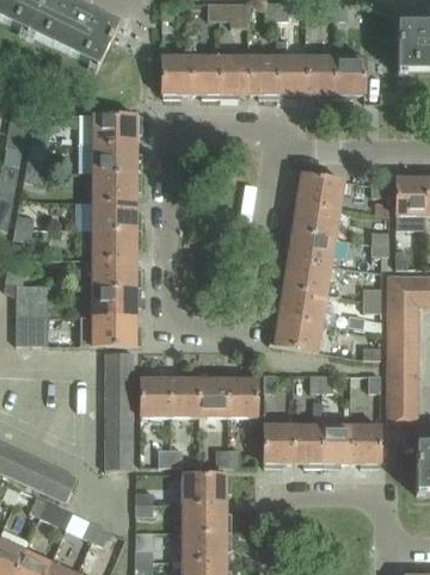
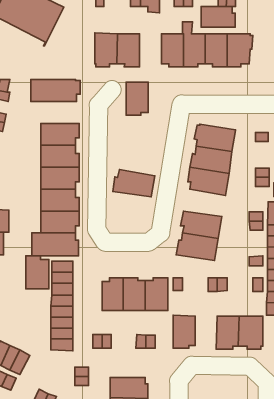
building: none -> [201,6,235,27]
building: [220,55,248,98] -> [126,82,148,115]
building: [91,143,141,172] -> none
building: [277,258,332,293] -> [113,169,155,197]
building: [141,373,171,416] -> [26,256,49,289]
building: [293,423,321,466] -> none
building: [182,474,232,503] -> none

